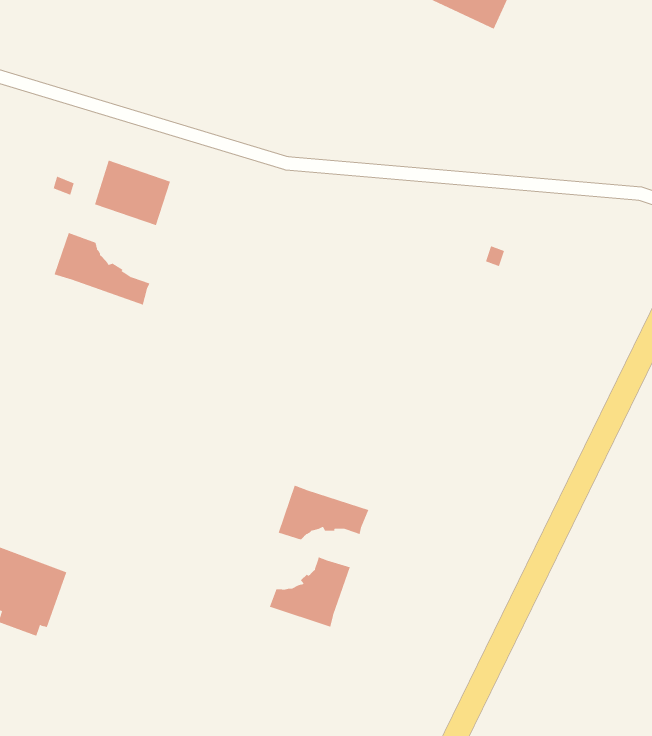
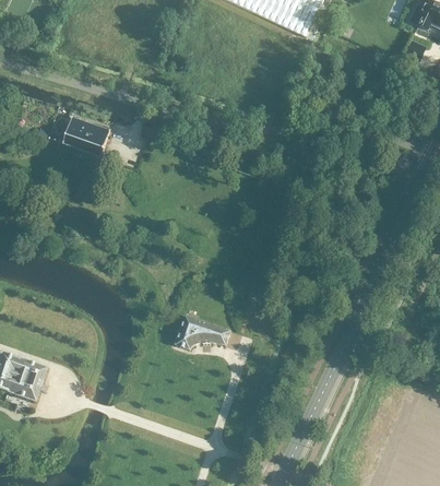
building: [54,232,150,306] -> none
building: [269,557,351,627] -> none

